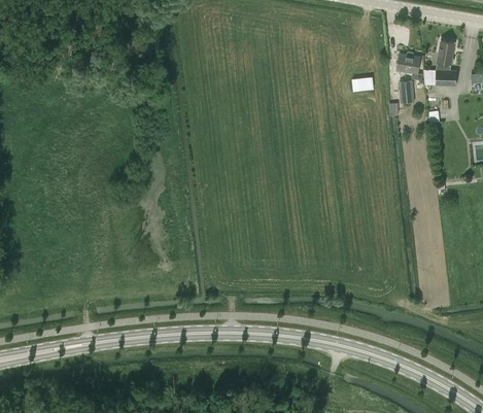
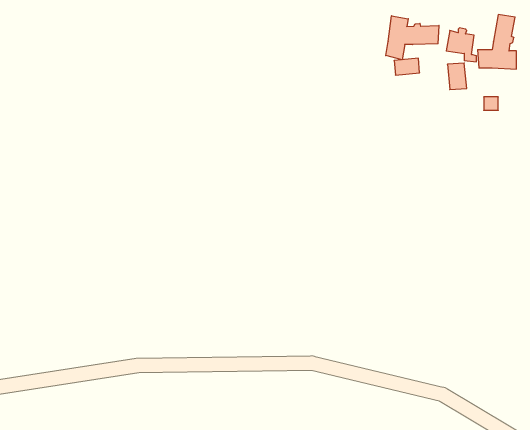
building: none -> [386,16,439,60]

